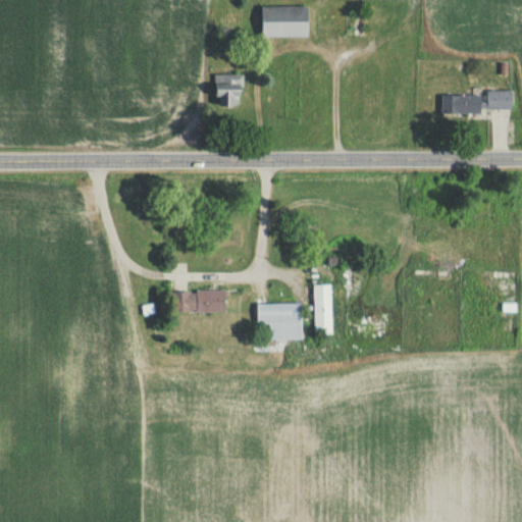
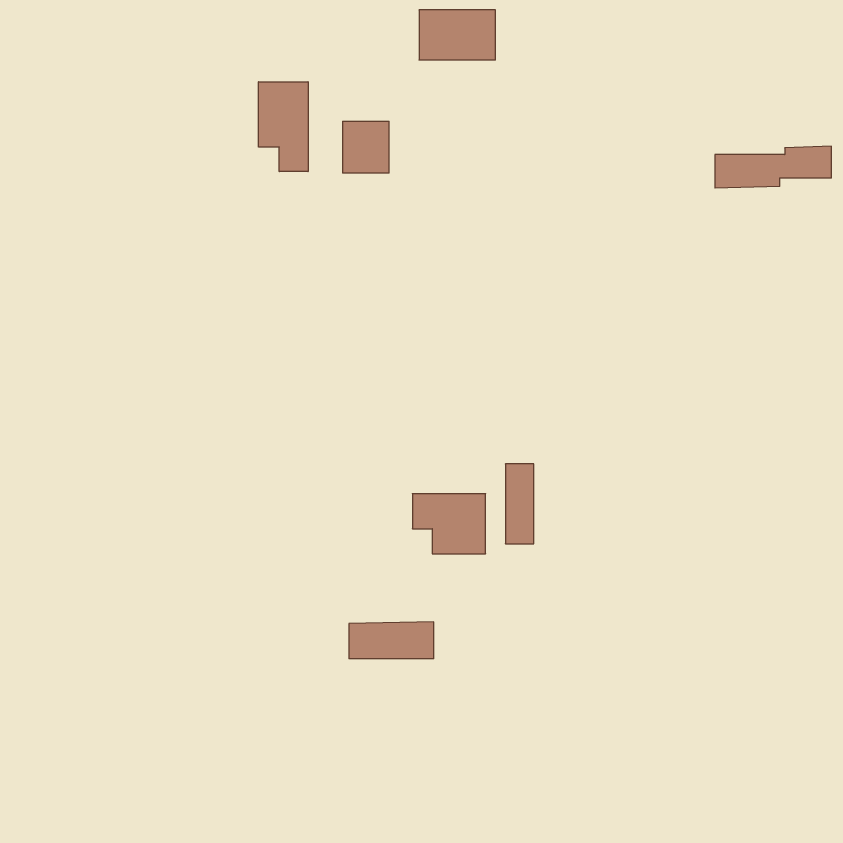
building: none -> [259,82,308,172]
building: [175,290,227,312] -> [349,622,434,659]

